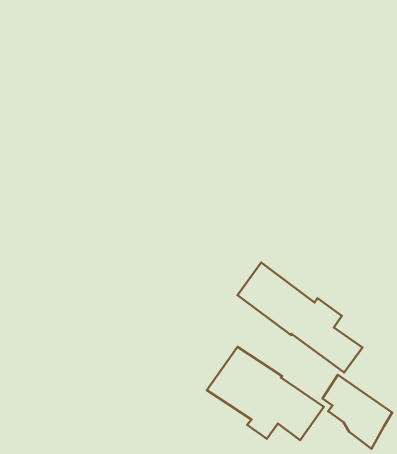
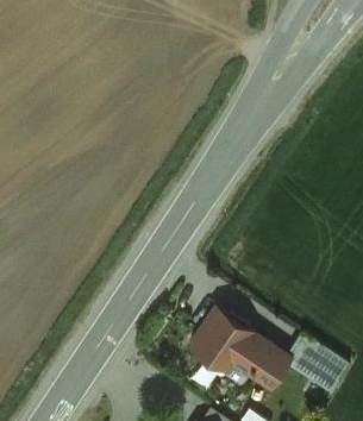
building: [238,262,362,373] -> none

